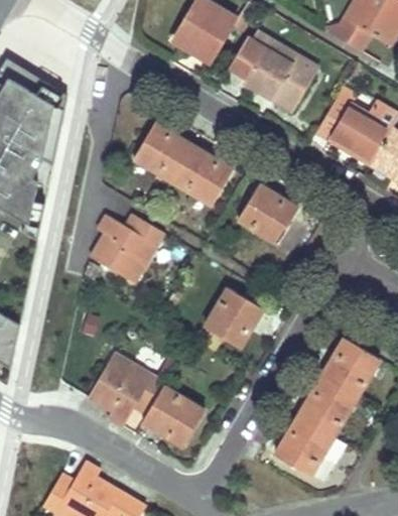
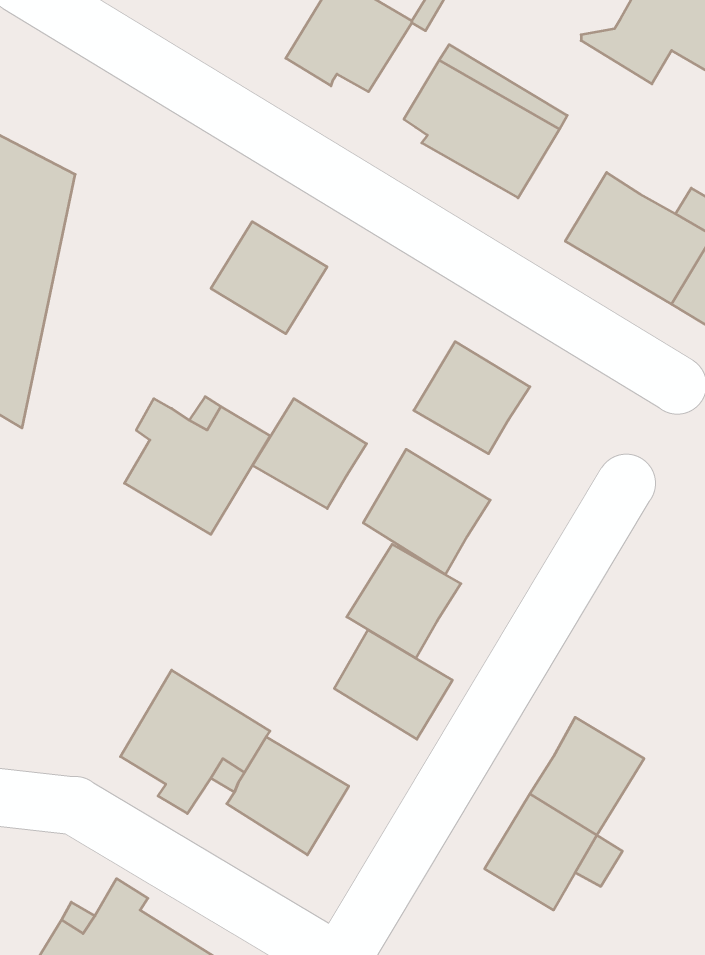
building: [172,146,231,203] -> [252,399,367,509]
building: none -> [363,449,490,575]
building: none -> [334,630,452,739]
building: [320,339,379,398] -> none

